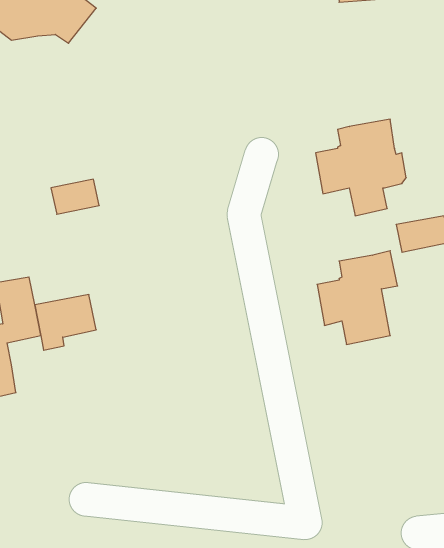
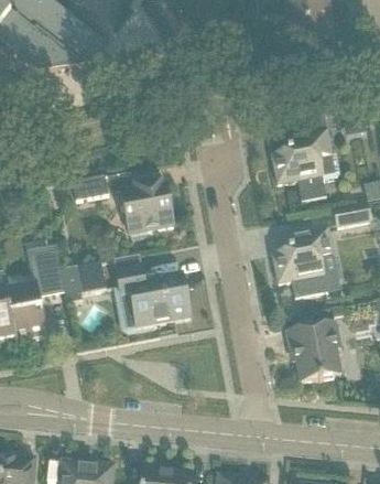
building: none -> [120,179,173,235]
building: none -> [116,265,189,327]
building: none -> [286,320,340,380]

